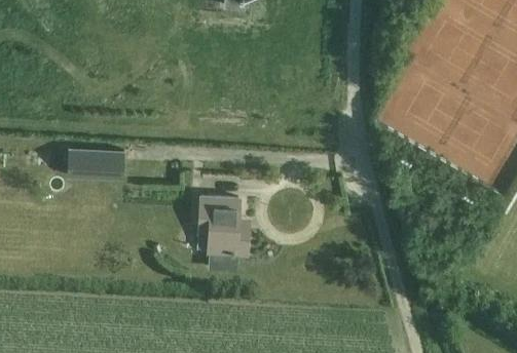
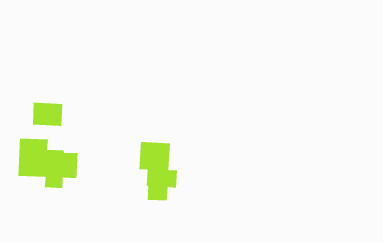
building: none -> [18,138,78,189]

